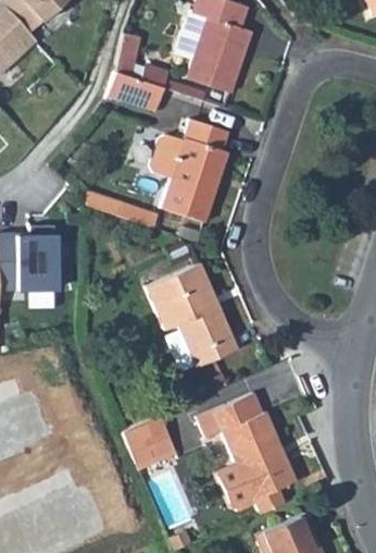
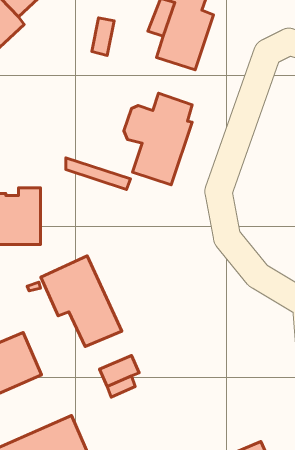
building: [109,73,163,112] -> none
building: [146,263,237,366] -> [41,256,122,347]
building: [213,393,296,513] -> none

